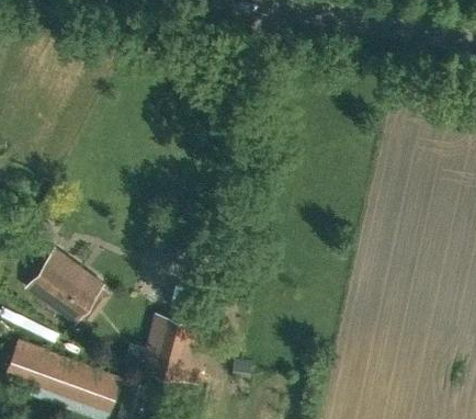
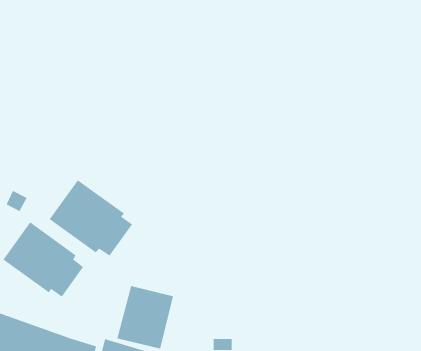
building: none -> [49,179,133,256]

